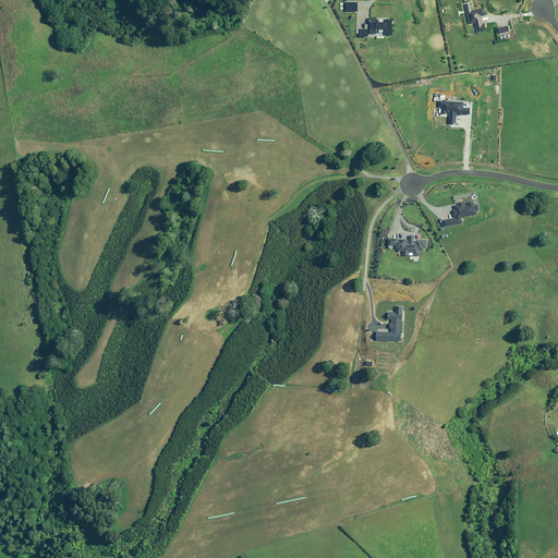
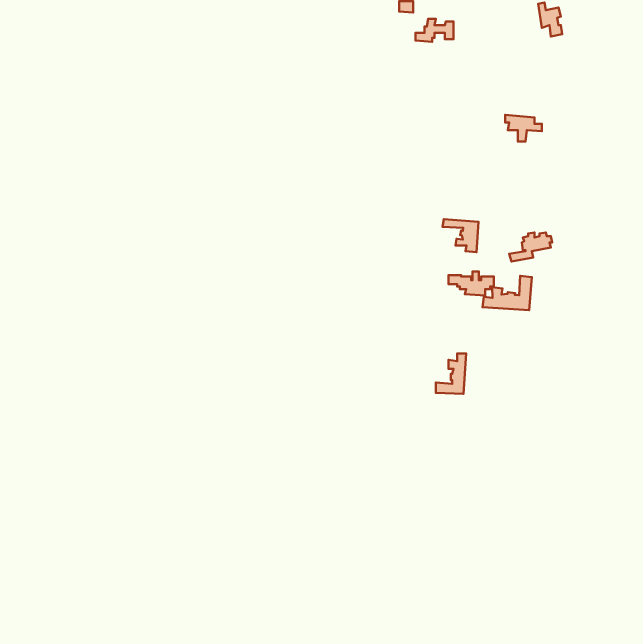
building: none -> [443,219,479,252]
building: none -> [482,276,532,310]

